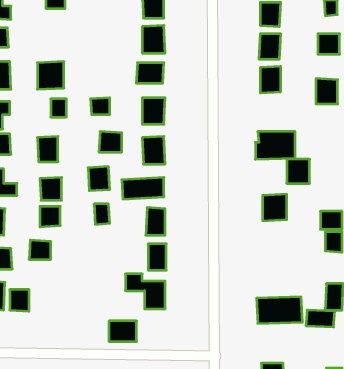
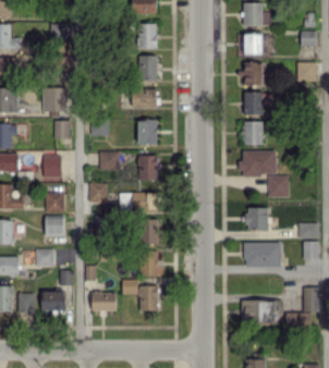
building: [316,79,338,104] -> [243,121,263,144]
building: none -> [244,242,280,267]
building: none -> [41,291,65,310]
building: [109,321,137,341] -> [92,292,117,310]

